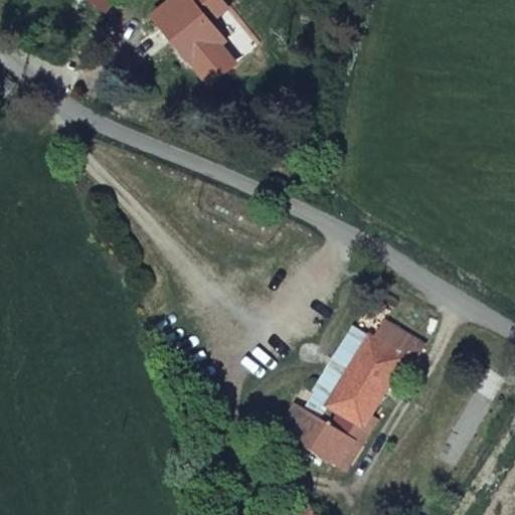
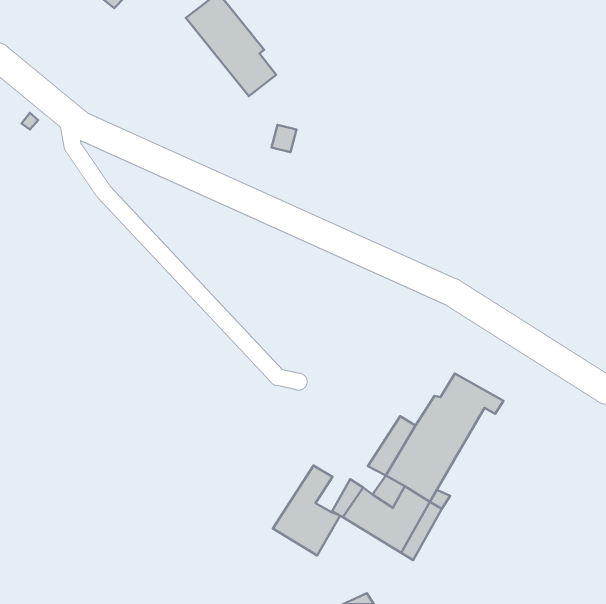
building: none -> [273,465,340,556]

